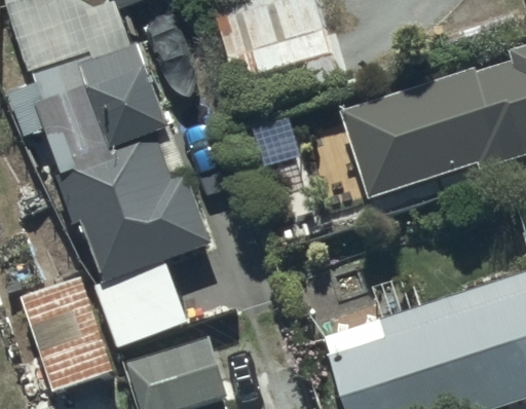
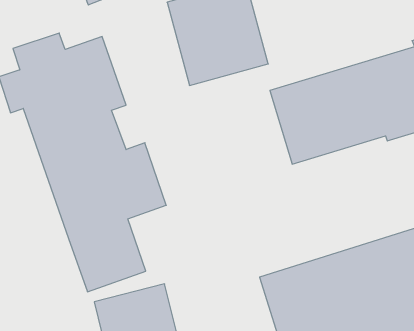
building: [24,278,114,393] -> none

